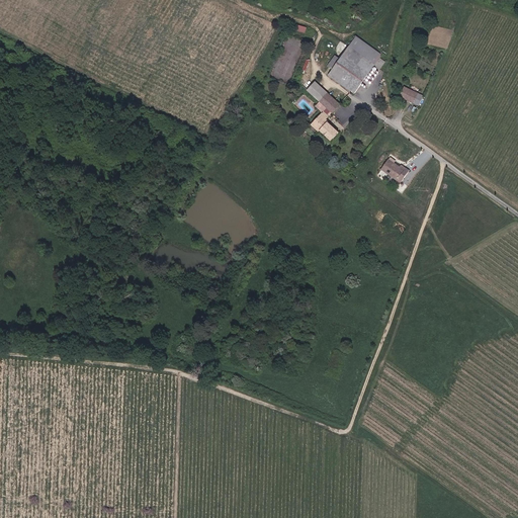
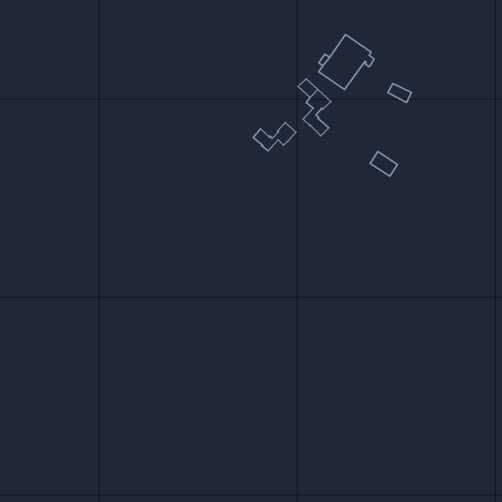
building: none -> [253,122,296,151]

